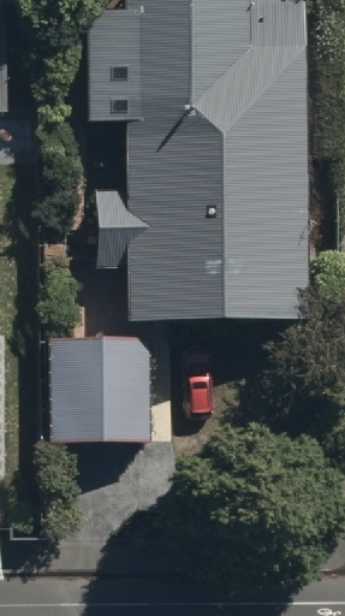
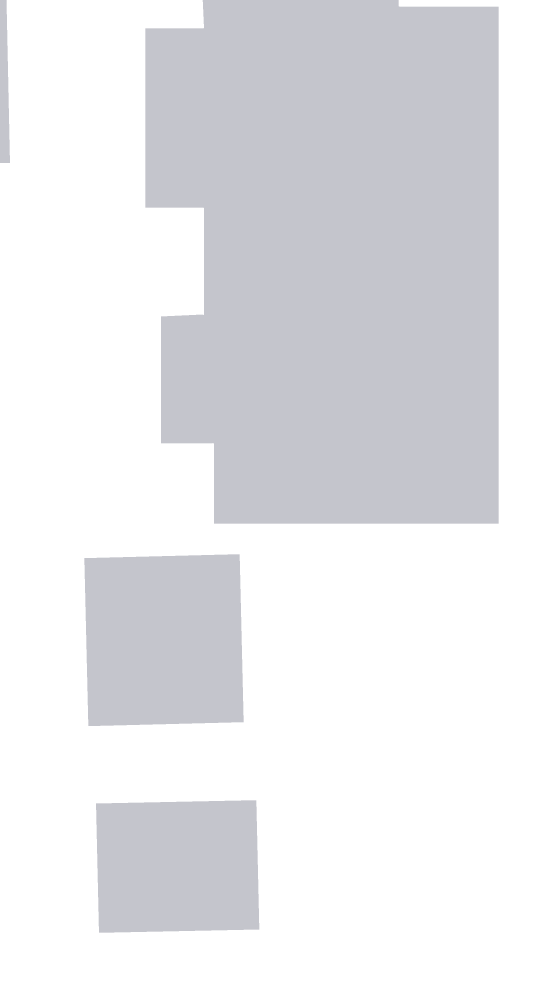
building: none -> [95,799,260,934]

